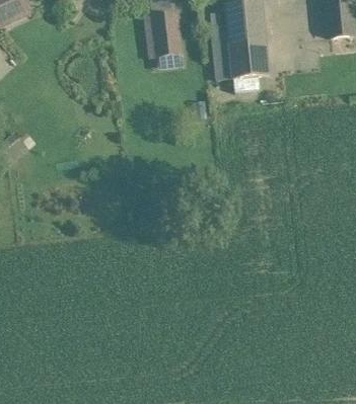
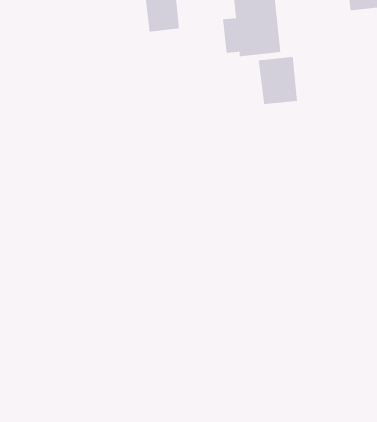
building: none -> [258,56,297,105]

